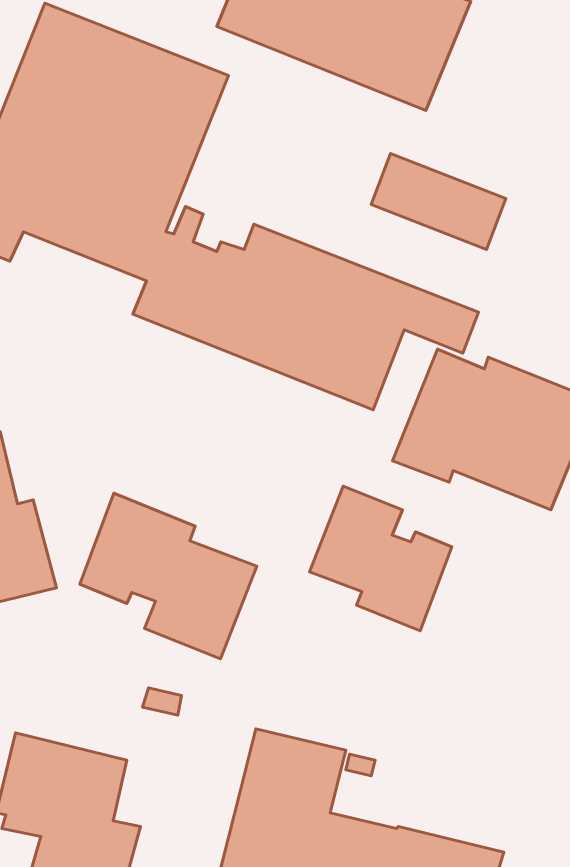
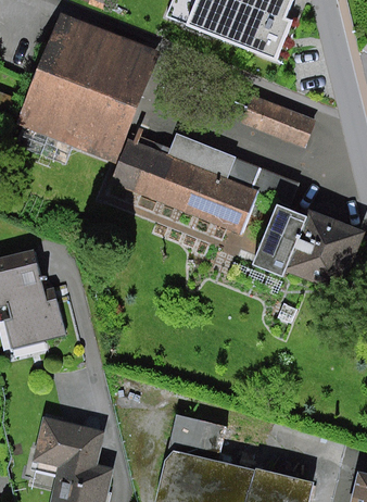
building: [309,486,452,631] -> none
building: [80,493,257,659] -> none

